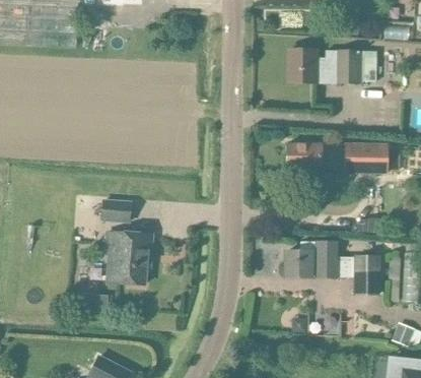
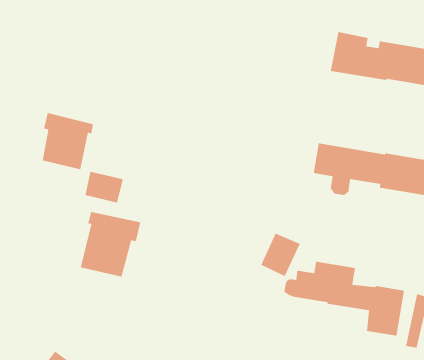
building: none -> [42,112,94,170]
building: none -> [260,233,301,277]

